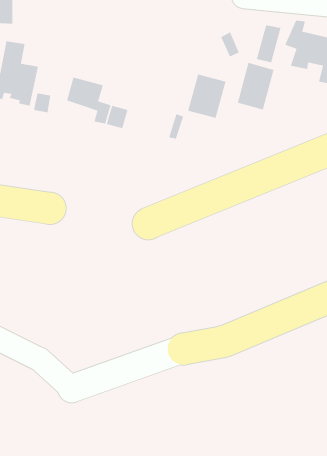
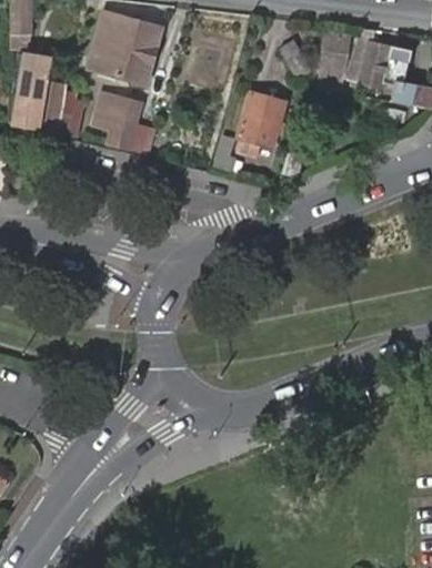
building: none -> [90,14,161,84]
building: [237,62,274,111] -> none

